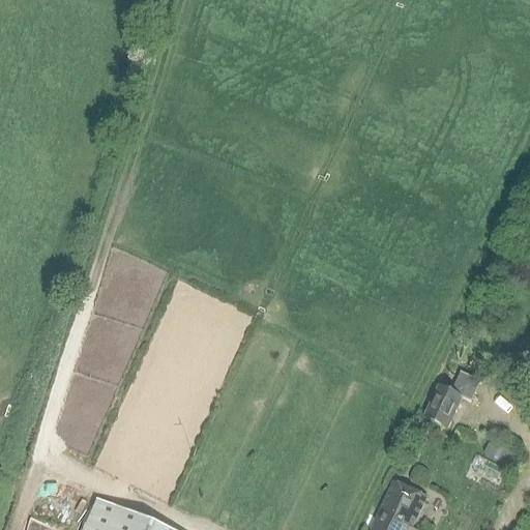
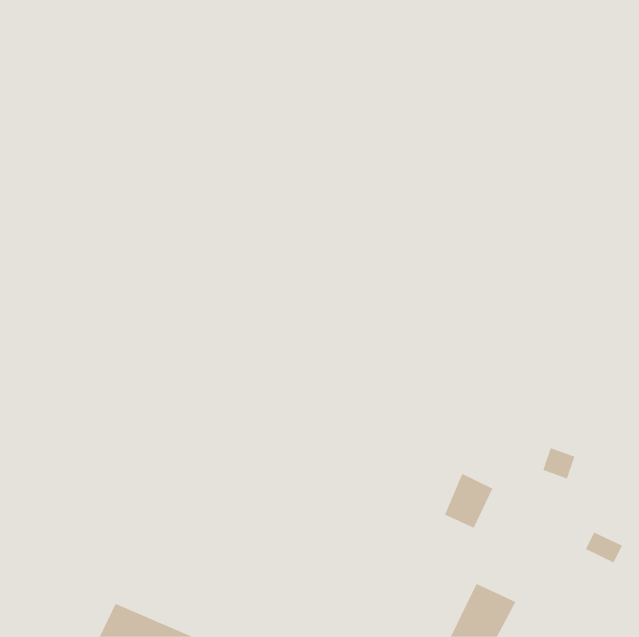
building: [424,384,465,430] -> [444,473,493,528]

